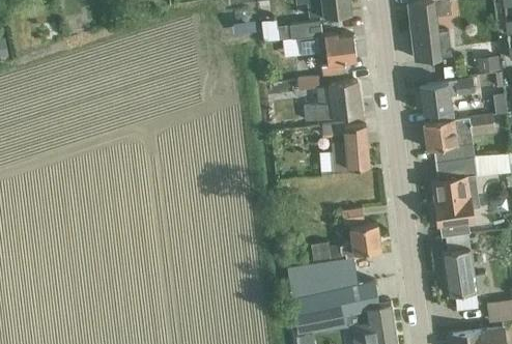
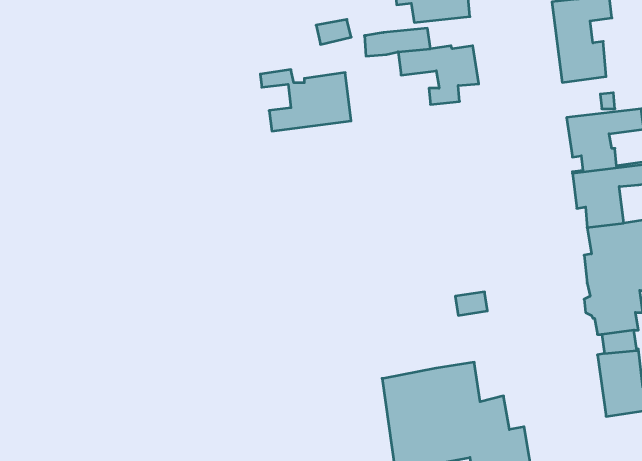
building: [297,78,362,121] -> [260,70,351,131]
building: [320,123,369,171] -> none
building: [310,224,381,259] -> none

